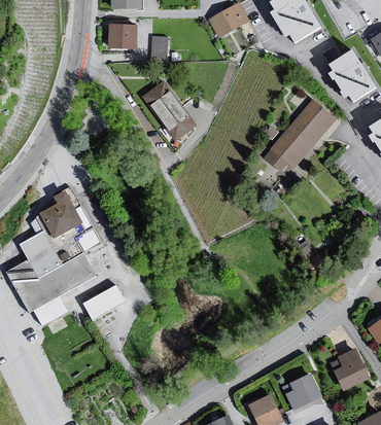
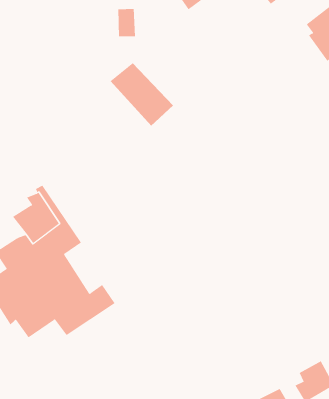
building: [108,26,139,50] -> none
building: [261,101,337,177] -> none

